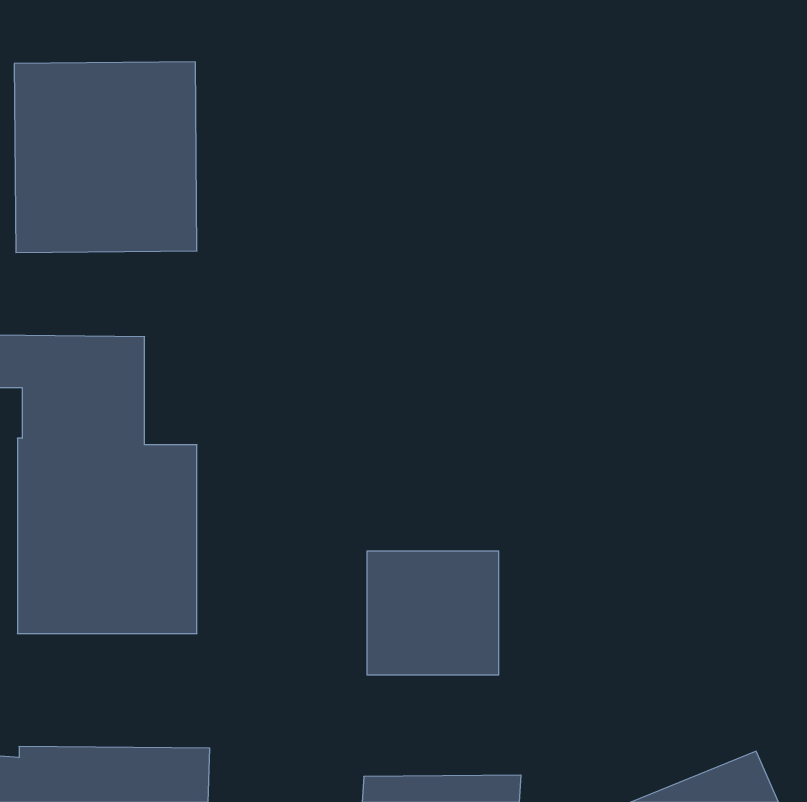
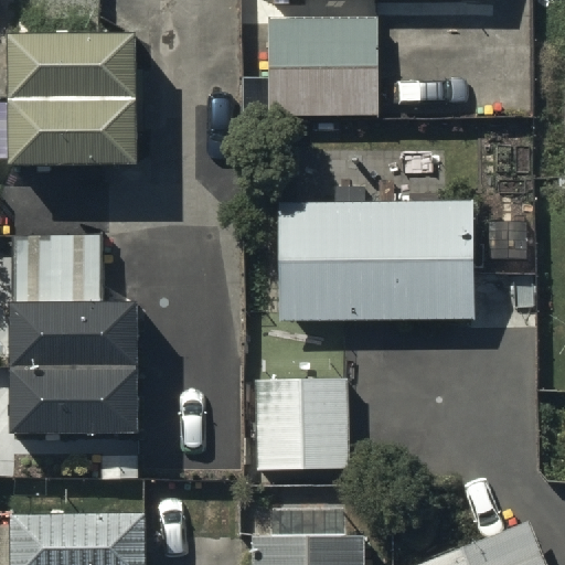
building: none -> [266,14,377,116]
building: none -> [276,191,468,308]

